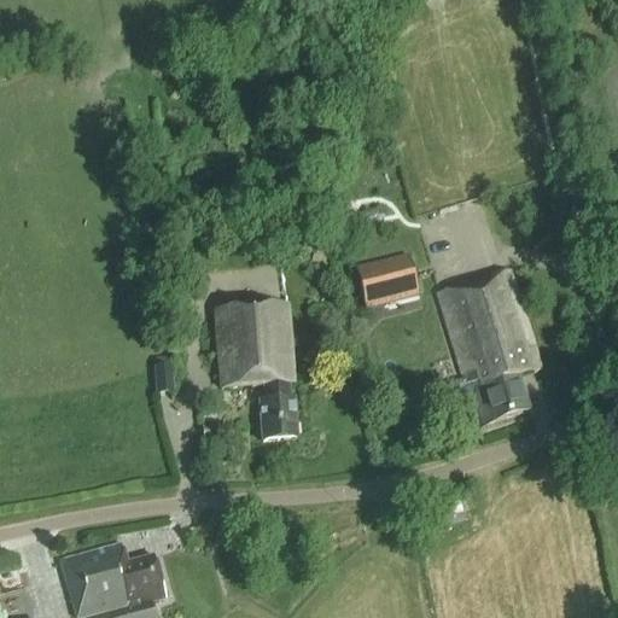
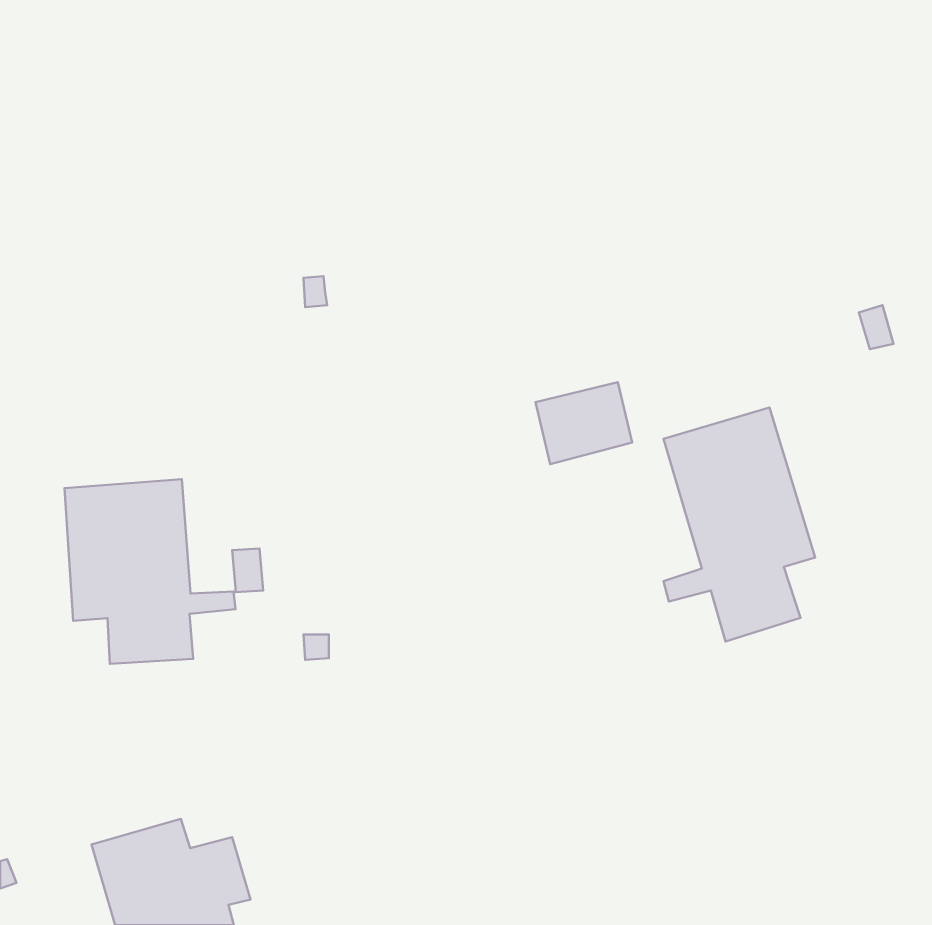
building: [216,303,297,438] -> none
building: none -> [65,479,235,664]

